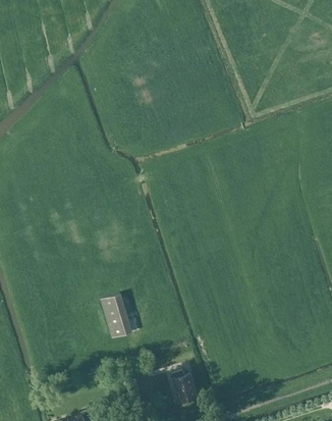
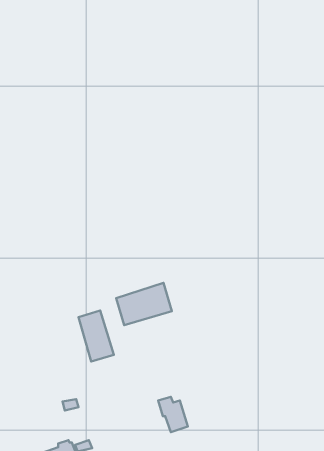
building: none -> [116,283,172,325]

